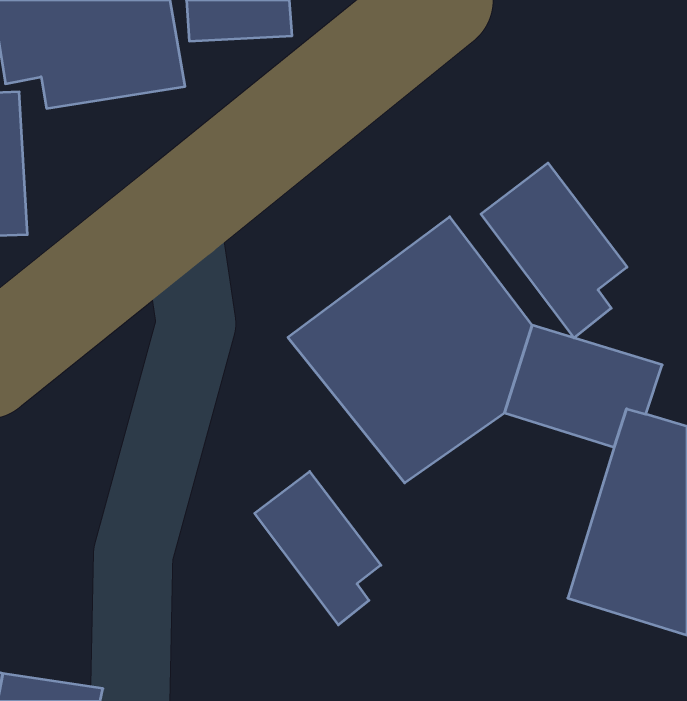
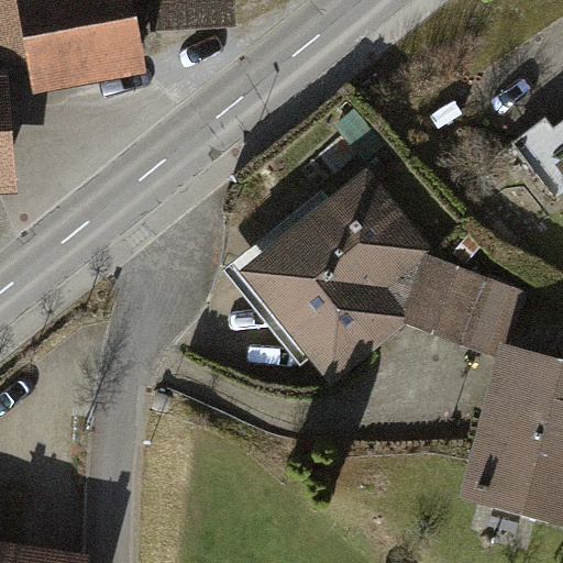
building: [481,163,627,338] -> none
building: [255,471,381,625] -> none

